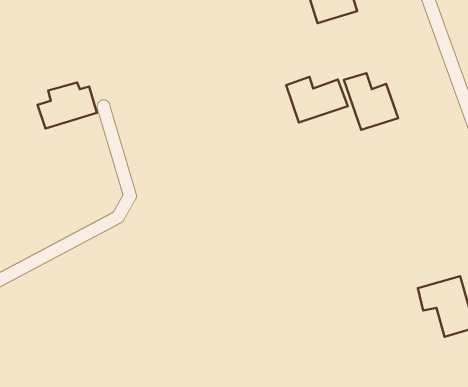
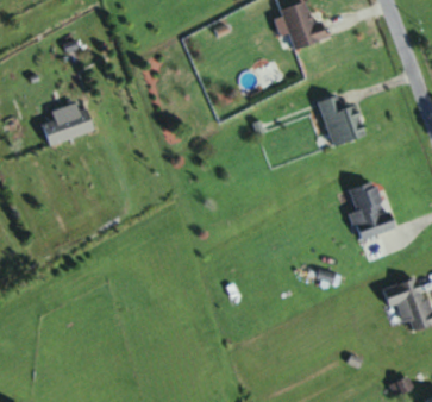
building: [286,77,348,122] -> none
building: none -> [348,181,393,240]

